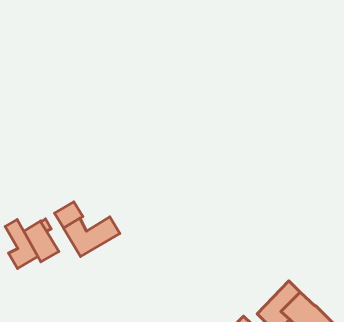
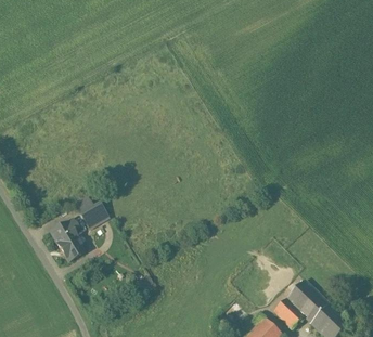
building: [63,217,120,257] -> none
building: [5,219,38,268] -> none

